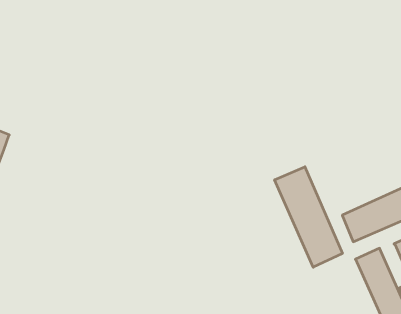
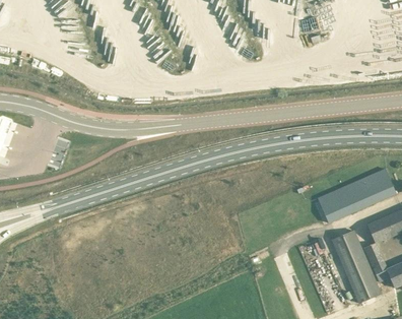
building: [275,167,342,267] -> none

